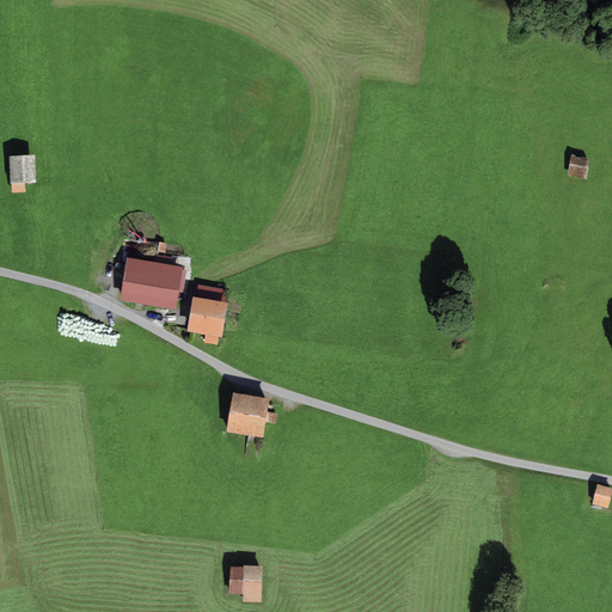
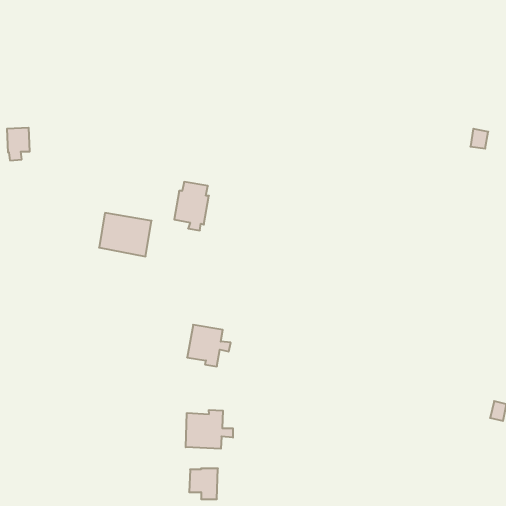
building: [186,286,228,344] -> [174,182,209,230]
building: none -> [186,410,233,449]

